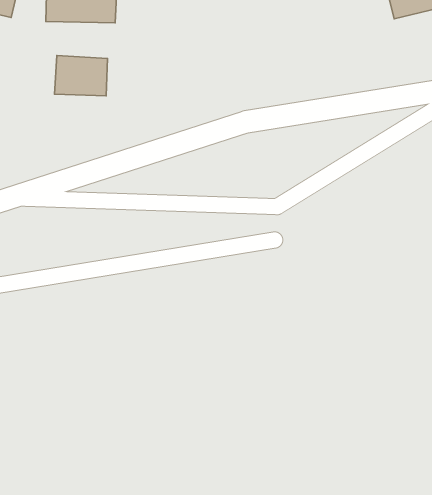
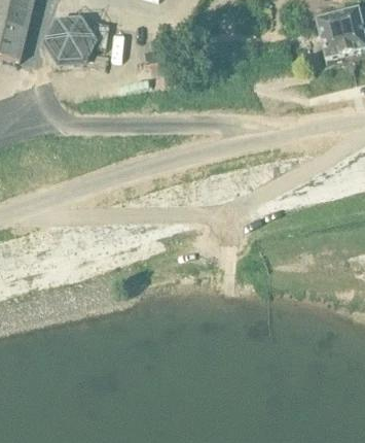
building: [54,55,107,96] -> none

